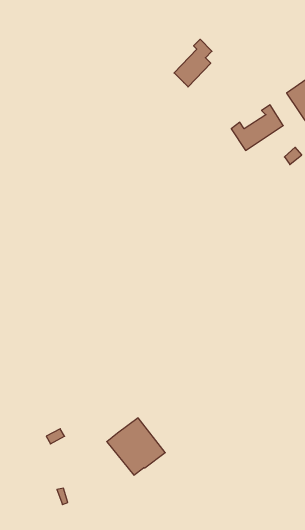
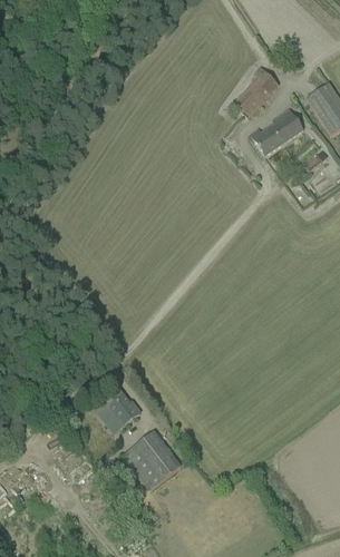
building: [174,39,212,87] -> [234,67,273,116]
building: none -> [107,390,140,427]

